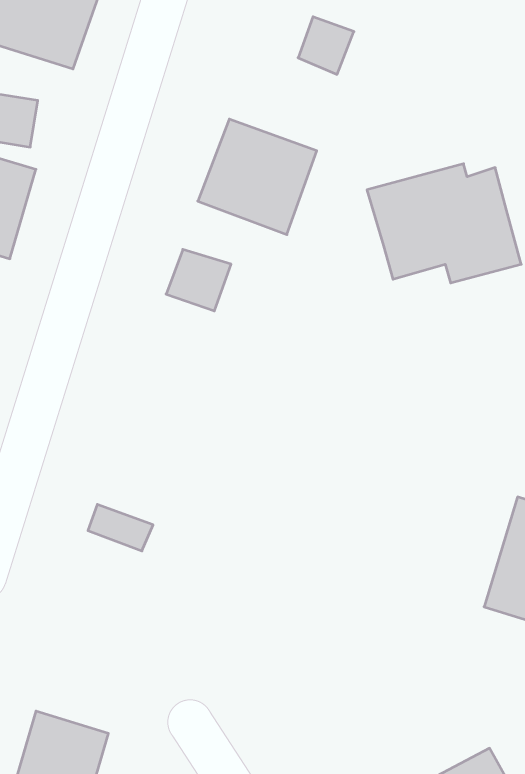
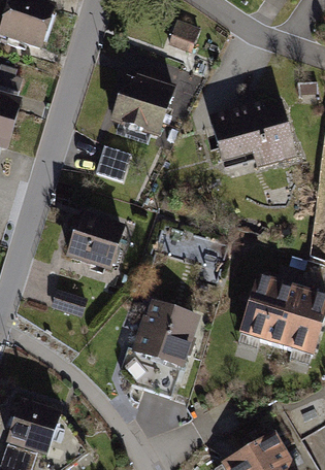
building: none -> [67,212,127,272]
building: none -> [234,272,289,343]
building: none -> [134,299,201,368]

